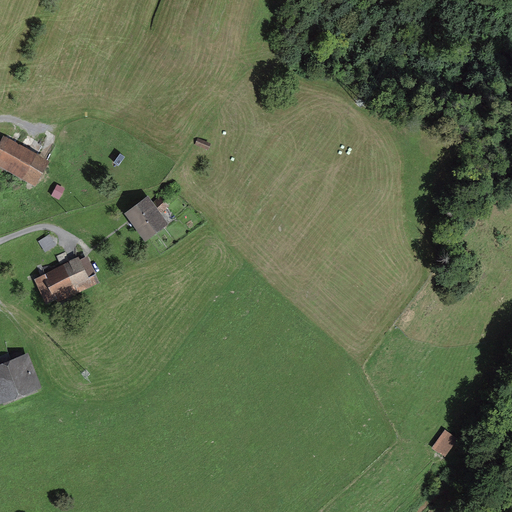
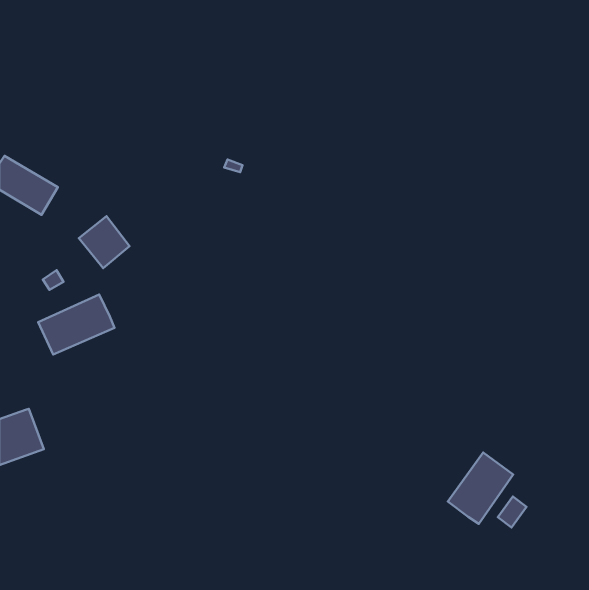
building: [123,196,167,241] -> [79,216,130,268]
building: none -> [448,452,513,524]

